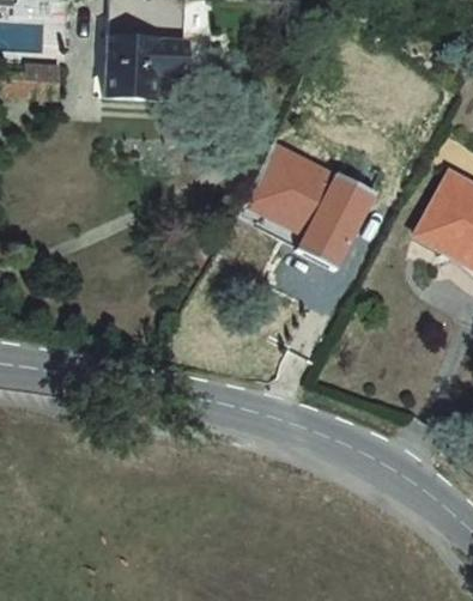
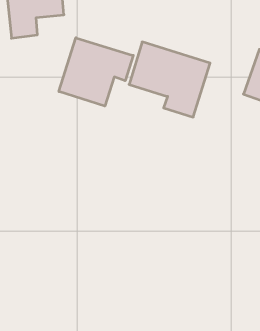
building: none -> [59,38,133,106]

